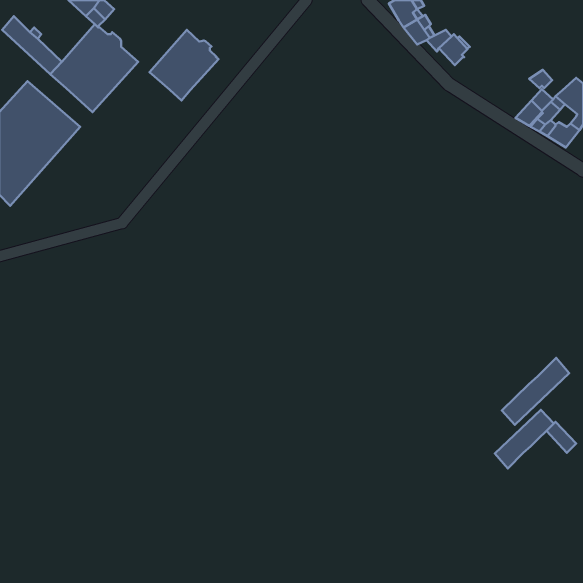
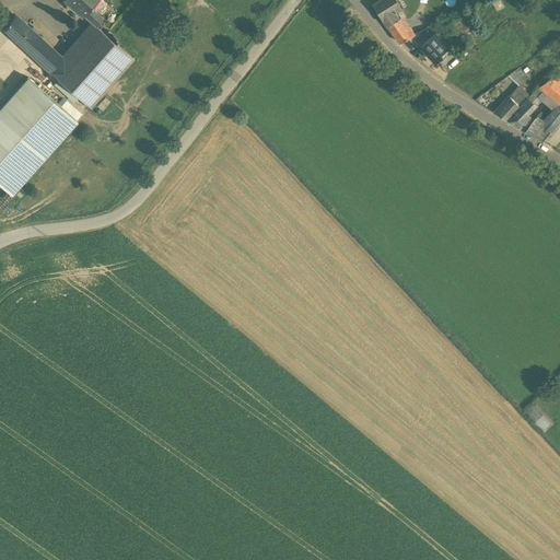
building: [150,30,219,101] -> none
building: [502,358,569,425] -> none
building: [495,410,554,468] -> none

